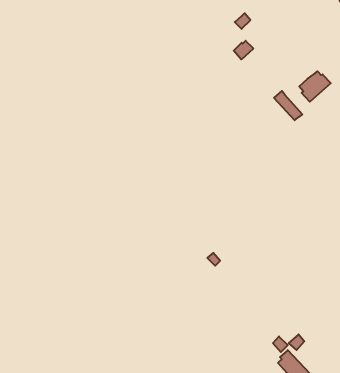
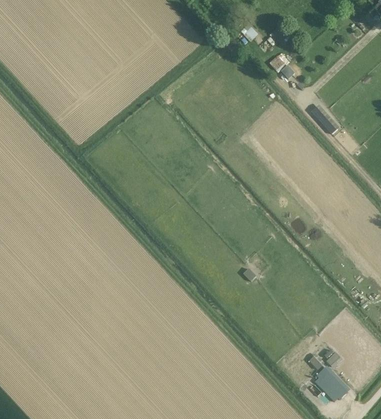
building: [299,71,331,102] -> none

